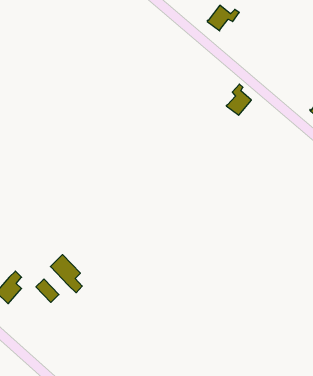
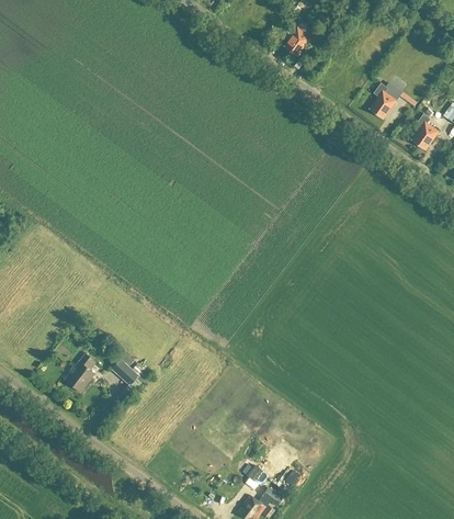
building: [226,84,251,115] -> [368,83,397,120]
building: [50,255,82,293] -> none

